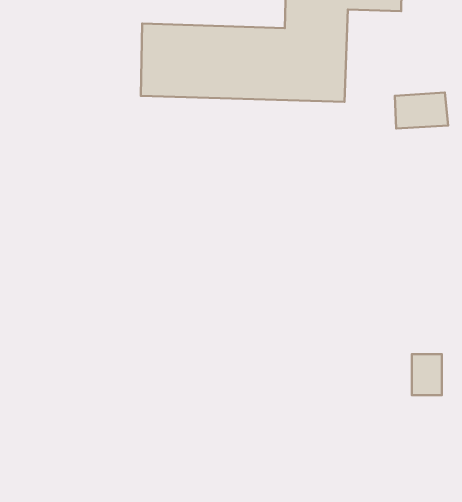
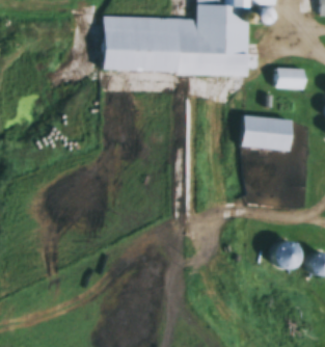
building: none -> [238,115,292,153]

